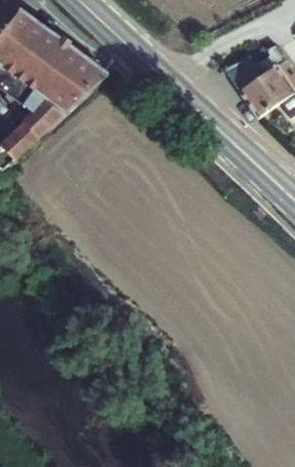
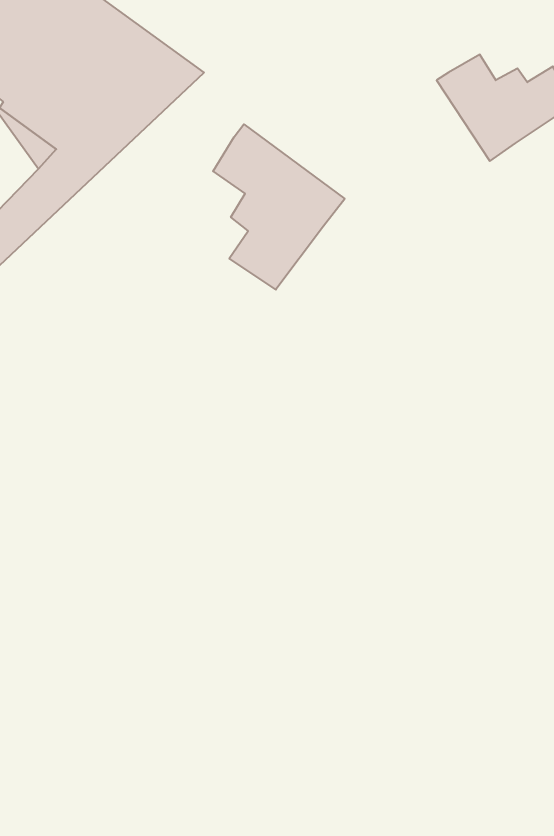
building: none -> [213,124,345,290]

